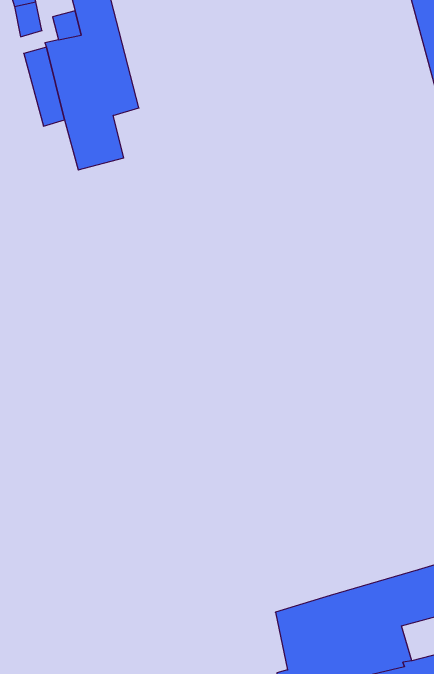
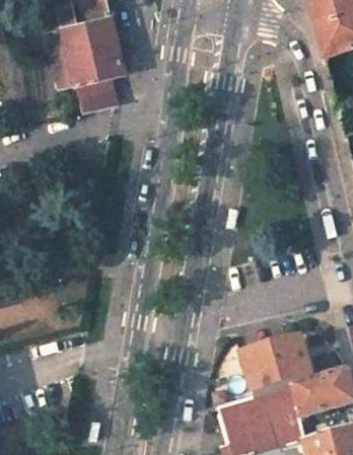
building: none -> [239,343,310,399]

